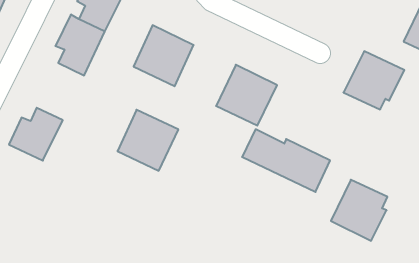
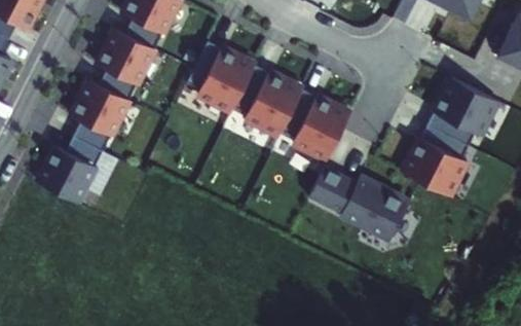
building: none -> [74,83,131,153]
building: [117,110,178,171] -> [234,67,304,137]
building: [331,180,387,241] -> [405,121,470,191]

